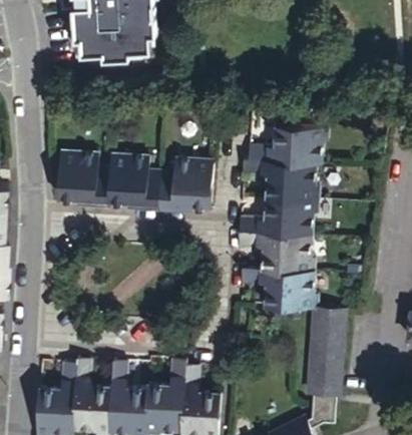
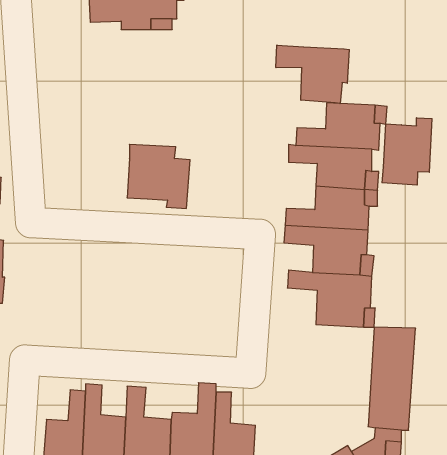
building: none -> [276,45,349,104]
building: none -> [382,118,432,185]
building: [56,154,110,208] -> none
building: [158,160,214,211] -> none

